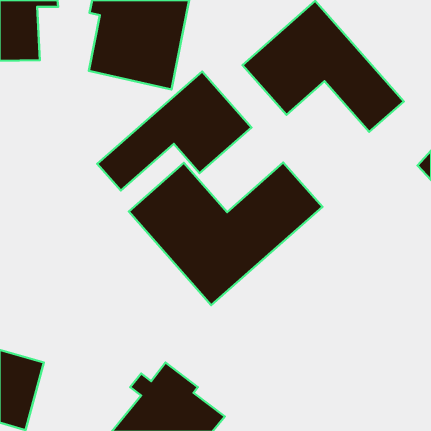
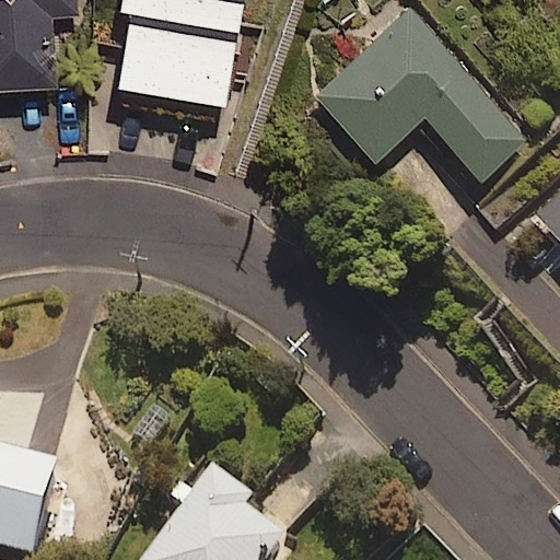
building: [97,71,251,190] -> none
building: [129,163,322,305] -> none

